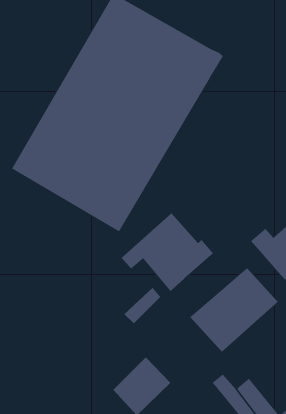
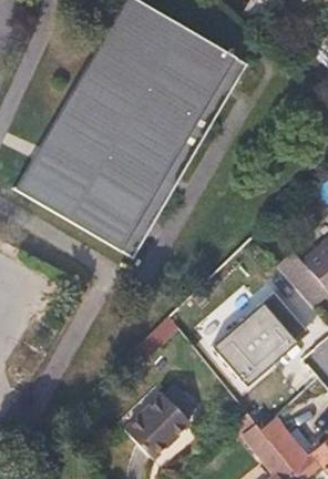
building: [121,213,214,292] -> none

